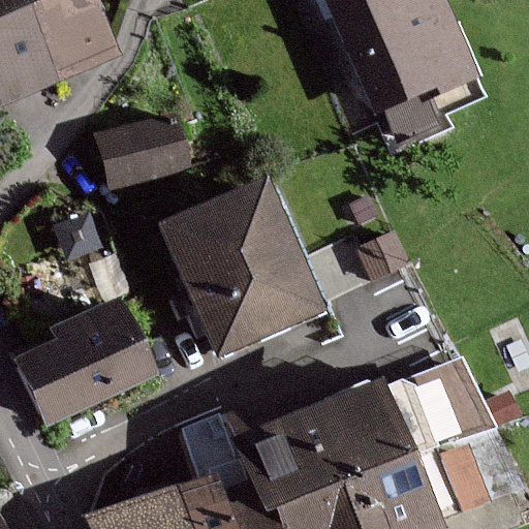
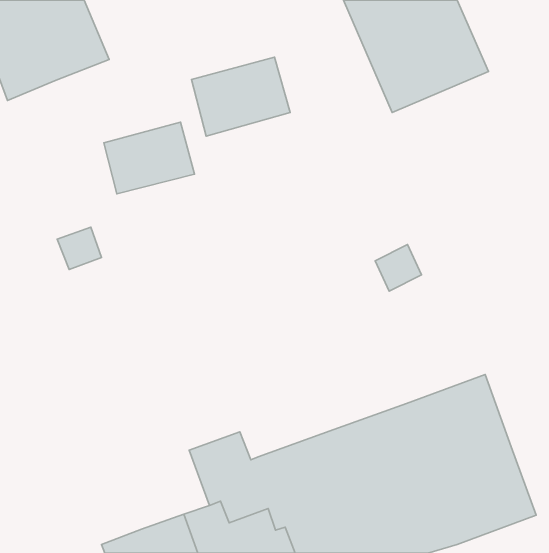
building: none -> [191,57,290,136]
building: [167,182,322,351] -> none
building: [18,299,155,425] -> none

